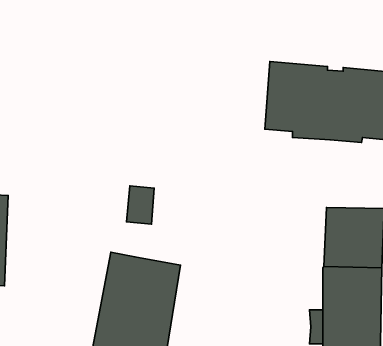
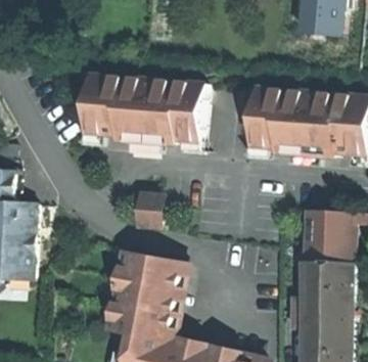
building: none -> [85,74,204,142]

